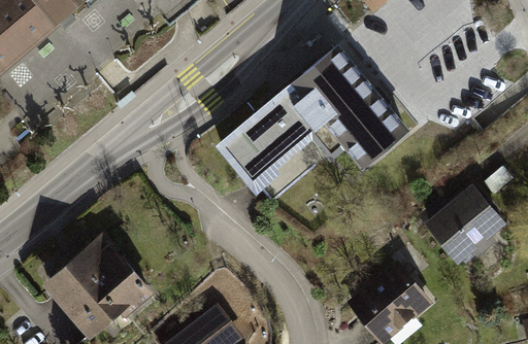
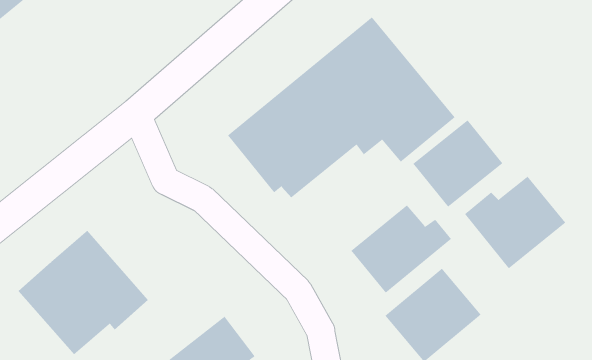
building: none -> [413,120,503,208]
building: none -> [351,204,452,294]

